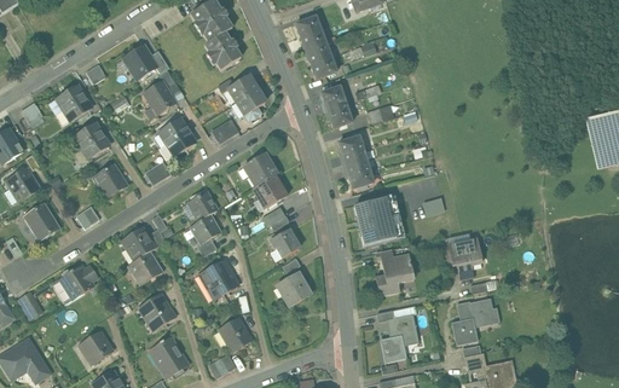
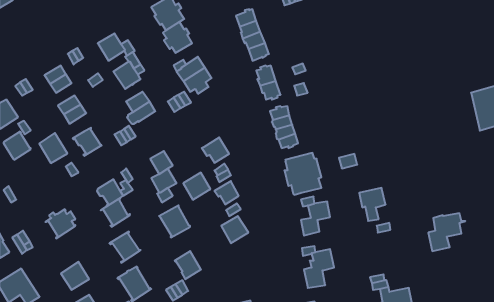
building: [243,154,277,187] -> [183,173,210,200]
building: [24,203,59,241] -> [39,133,67,163]
building: [451,299,497,346] -> [428,213,465,251]

